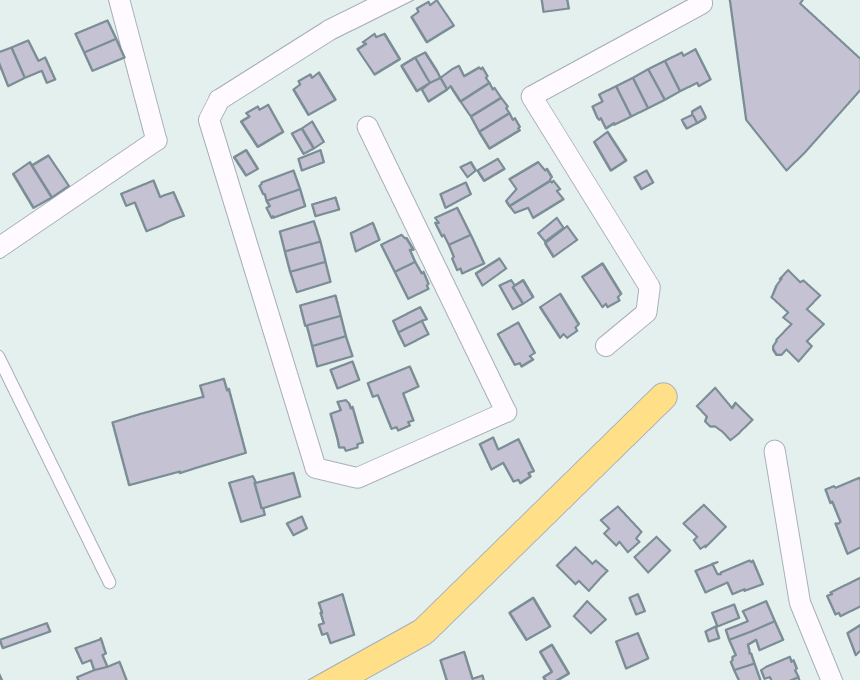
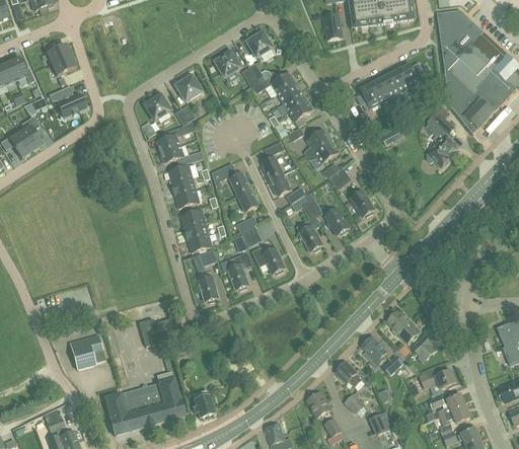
building: [121,180,184,231] -> [48,85,85,116]
building: [771,270,824,361] -> [425,111,456,166]
building: [112,379,246,485] -> [103,370,183,434]
building: [697,388,752,440] -> [386,309,420,341]
building: [480,438,534,483] -> [251,246,284,274]
building: none -> [71,333,105,368]

